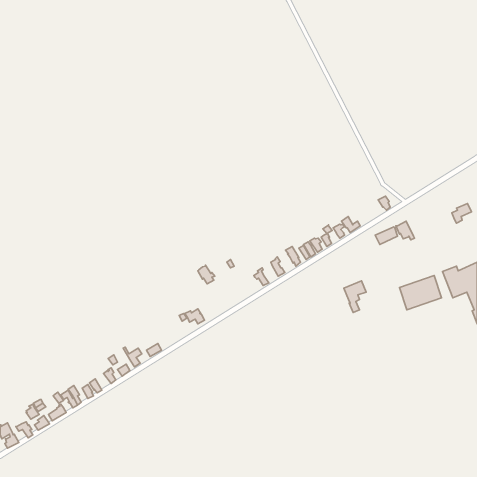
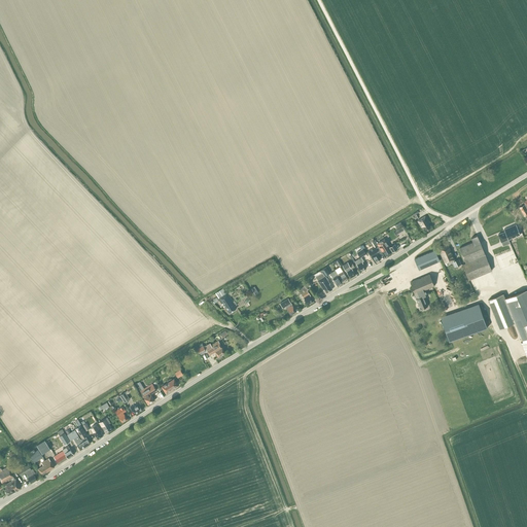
building: none -> [459,236,491,280]
building: [344,281,366,313] -> [410,274,434,309]

